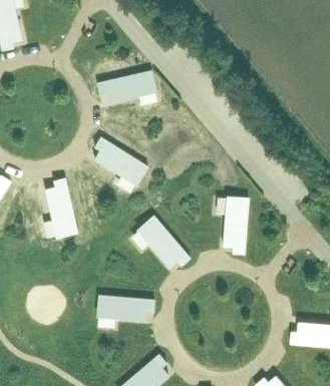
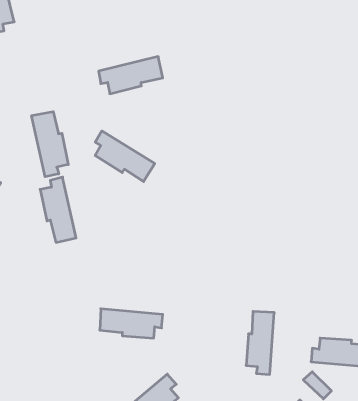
building: none -> [32,112,68,177]
building: [224,199,249,255] -> [246,311,274,374]
building: [139,217,191,268] -> none

